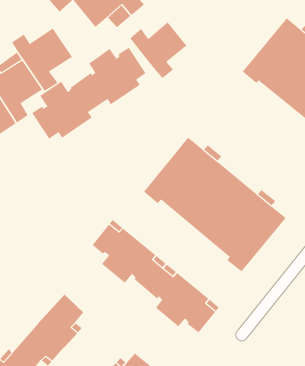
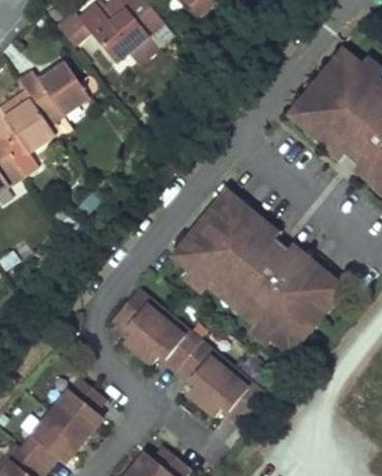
building: [130,22,187,79] -> none
building: [32,47,146,139] -> none

